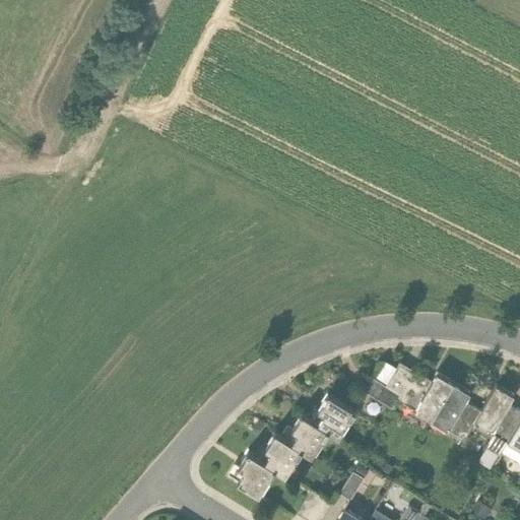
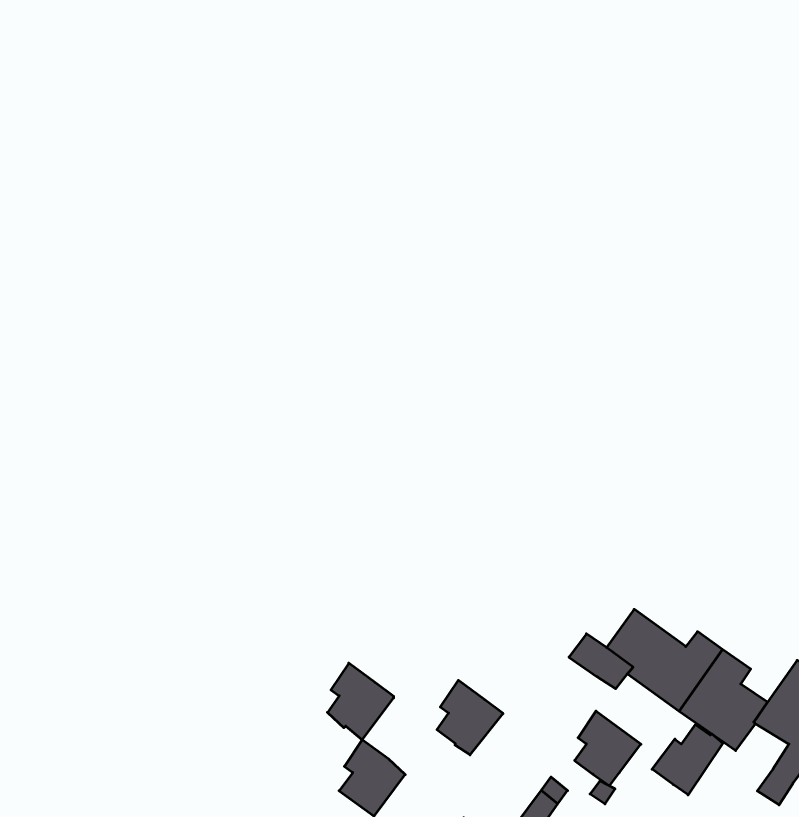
building: [318,395,355,438] -> [575,711,641,786]
building: none -> [652,725,723,795]
building: [265,434,303,477] -> [327,663,394,740]

